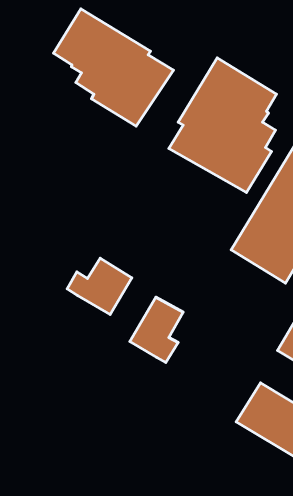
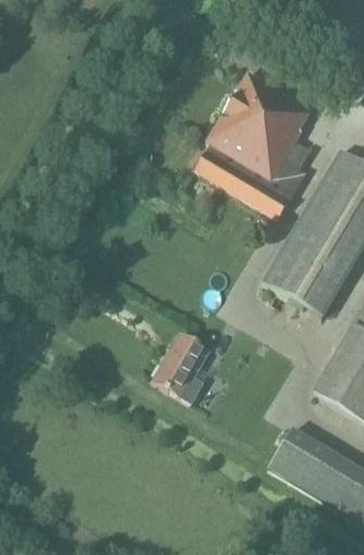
building: [54,9,173,126] -> none
building: [67,258,132,315] -> none

